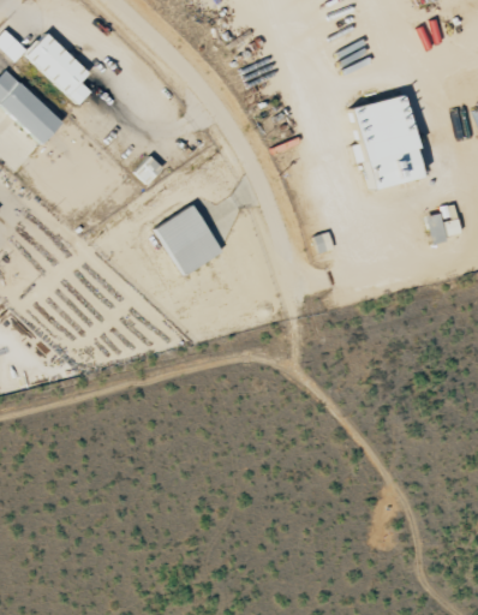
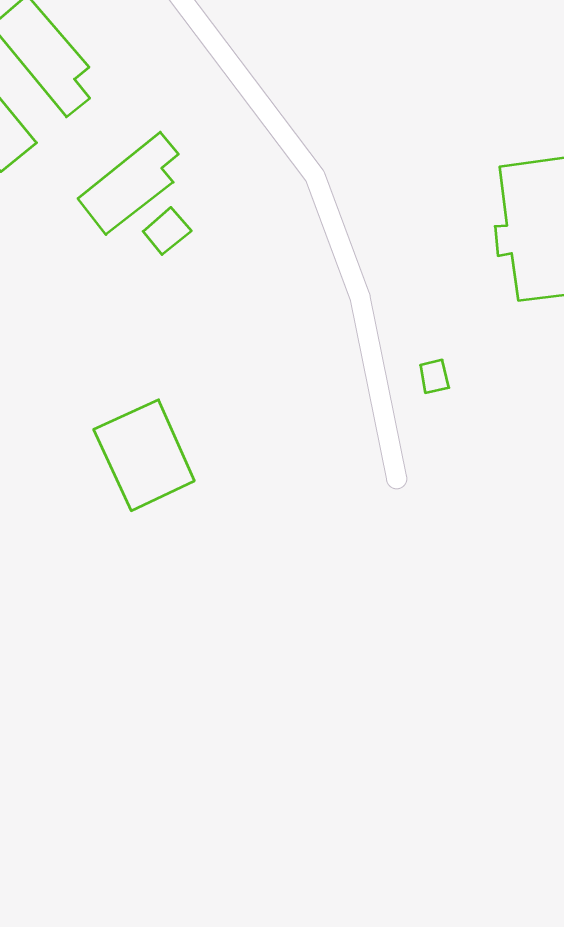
building: none -> [78,132,178,235]
building: [156,205,222,276] -> [94,400,194,511]

